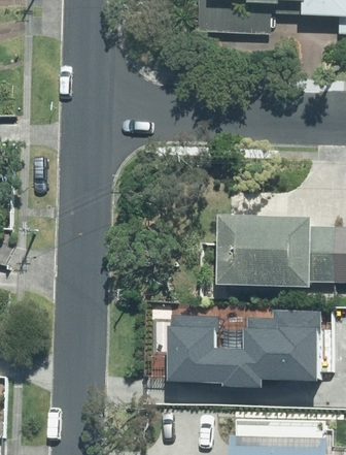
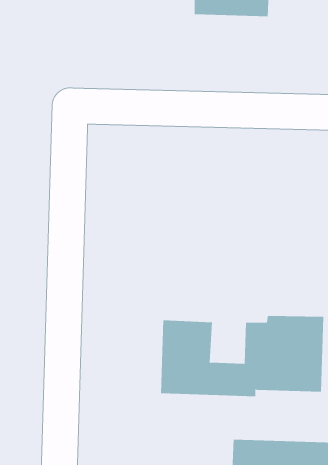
building: [216,216,312,290] -> none

